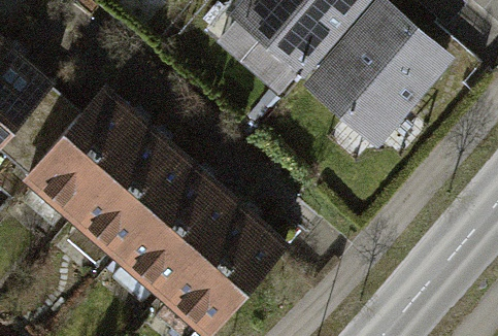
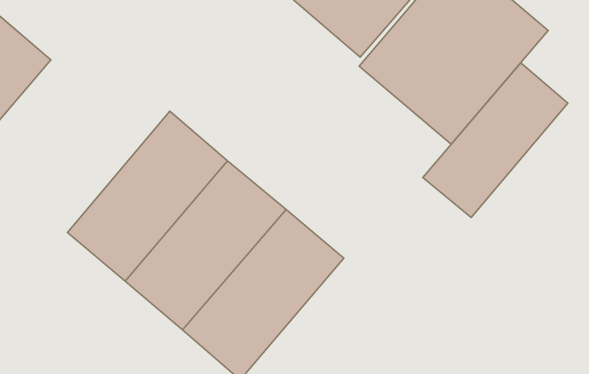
building: [21,83,150,221] -> none
building: none -> [423,63,568,218]

